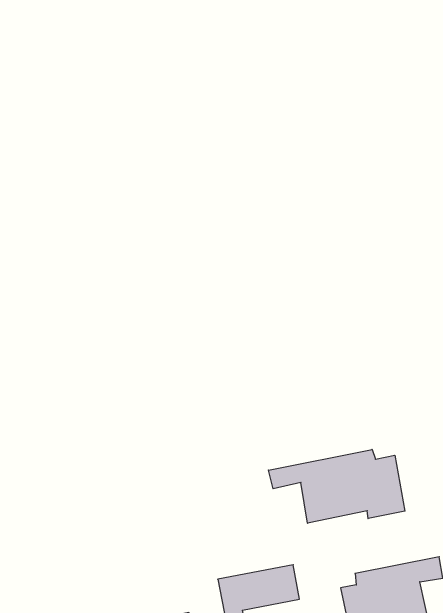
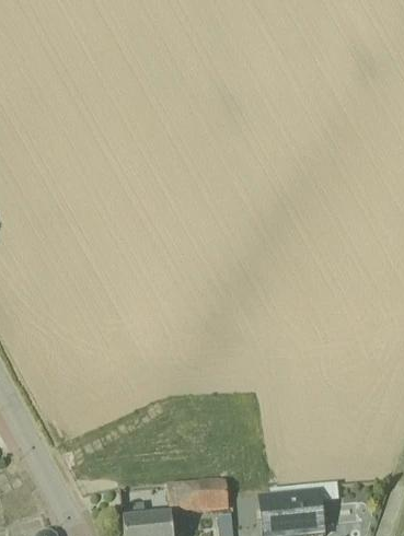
building: [268,449,405,523] -> none

